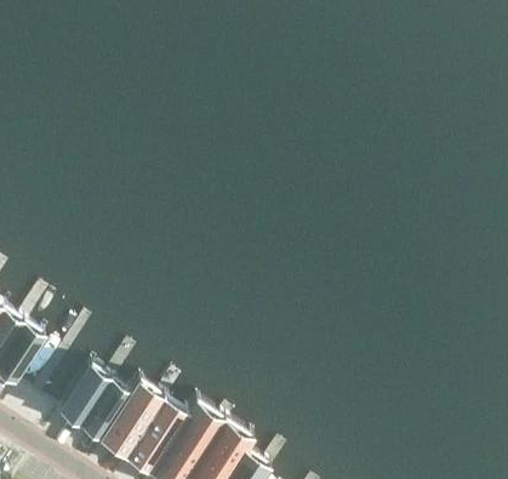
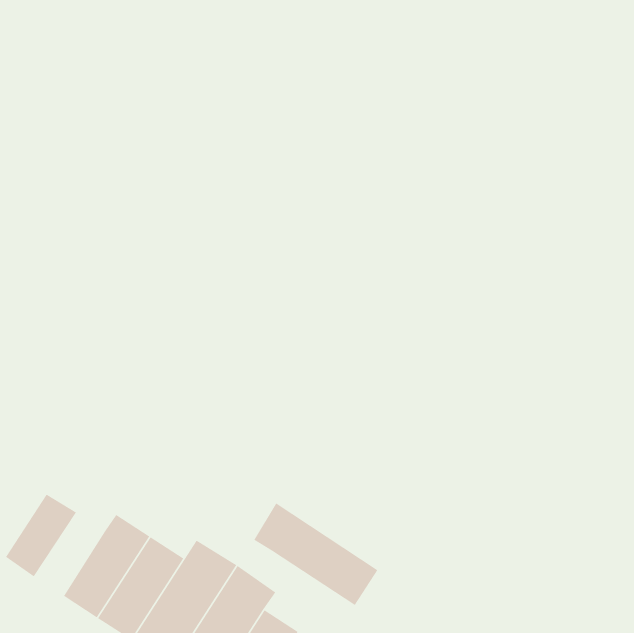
building: none -> [253,503,378,606]
building: [78,381,127,440] -> none

